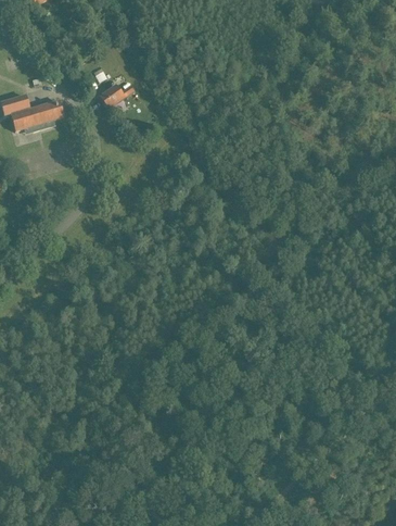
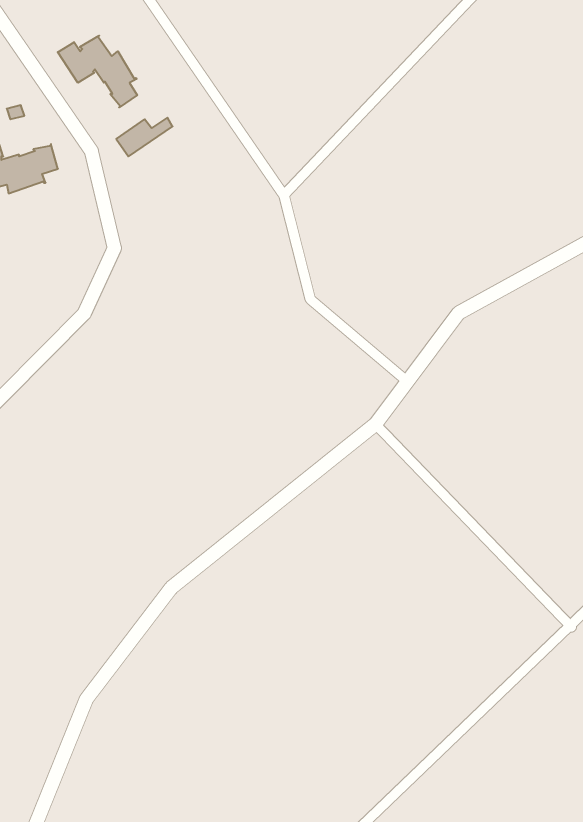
building: none -> [58,36,137,107]

